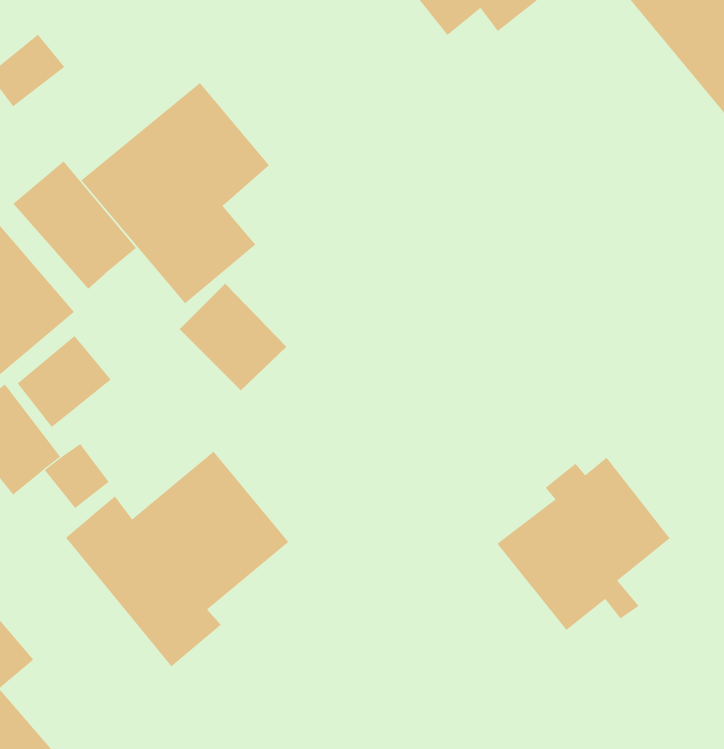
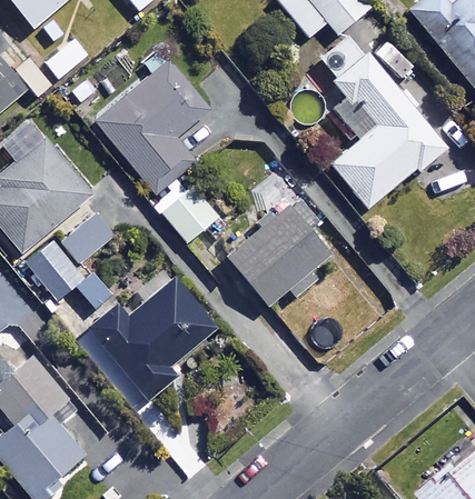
building: none -> [331,52,445,208]
building: [13,161,137,289] -> none
building: [497,457,670,631] -> [229,207,329,307]

